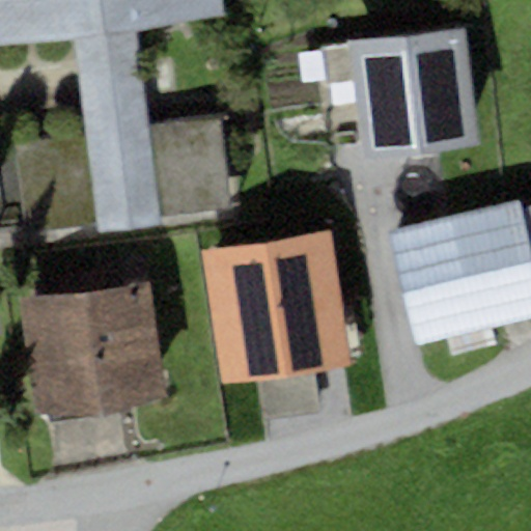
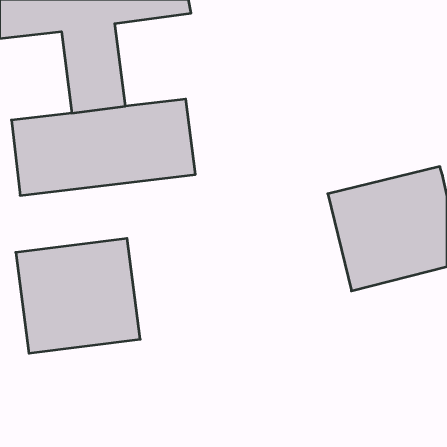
building: [347,28,479,162] -> none
building: [205,234,351,385] -> none

